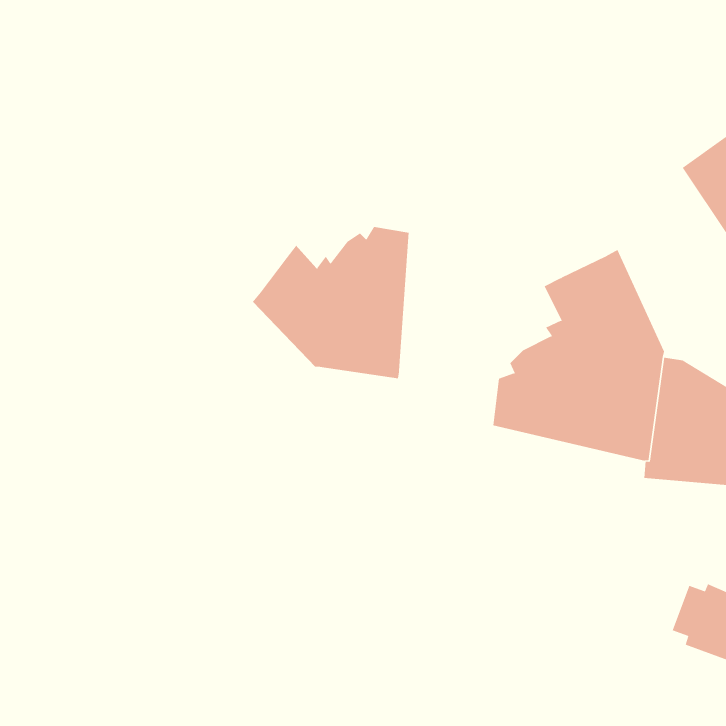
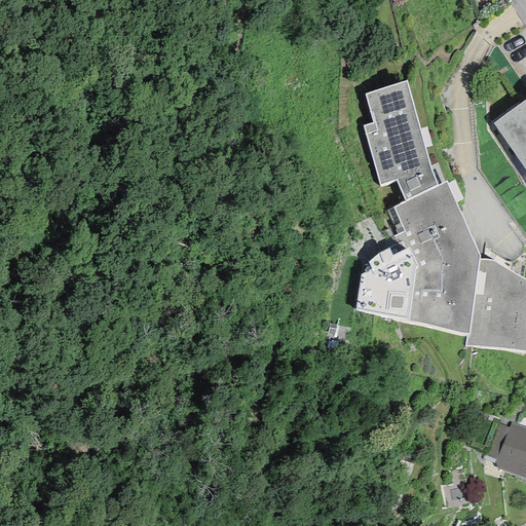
building: none -> [364,80,438,200]
building: [252,226,409,379] -> none

